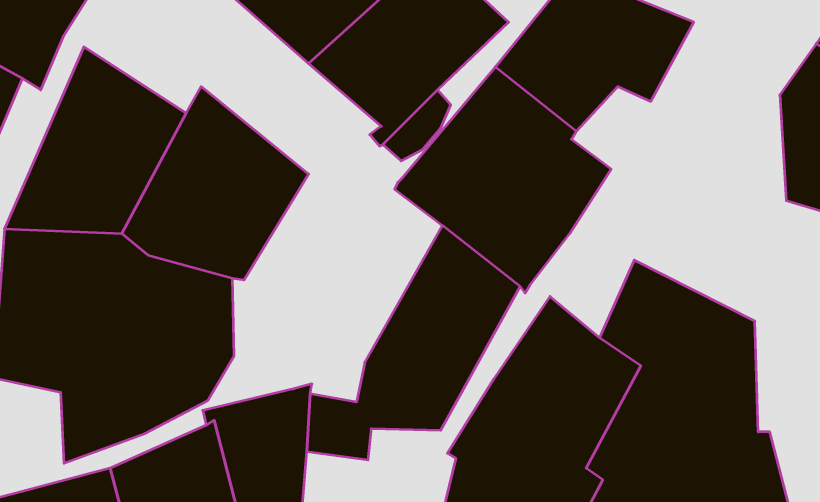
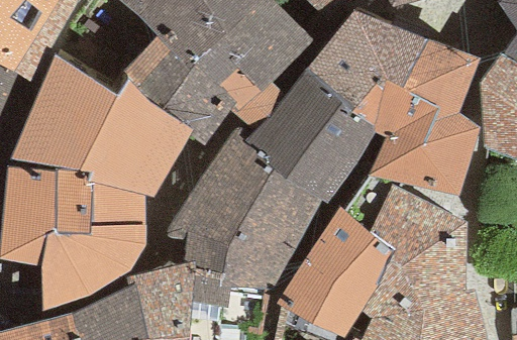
building: none -> [120,35,236,145]
building: none -> [352,40,479,196]
building: none -> [164,128,274,272]

